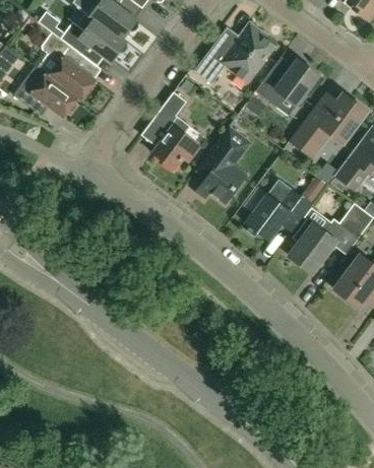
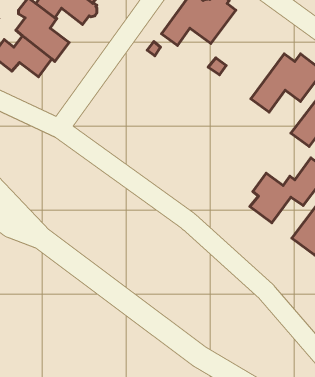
building: [255,59,319,107] -> none
building: [151,91,199,169] -> none
building: [195,126,249,202] -> none
building: [245,180,319,240] -> none

